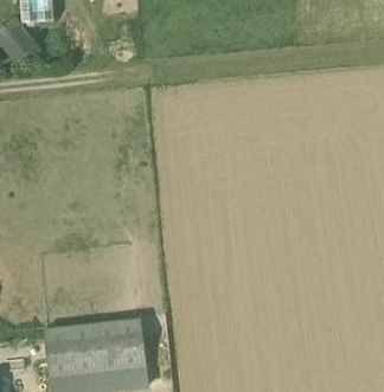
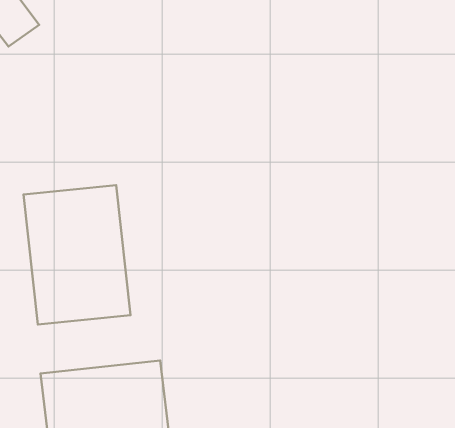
building: none -> [24,185,130,324]

